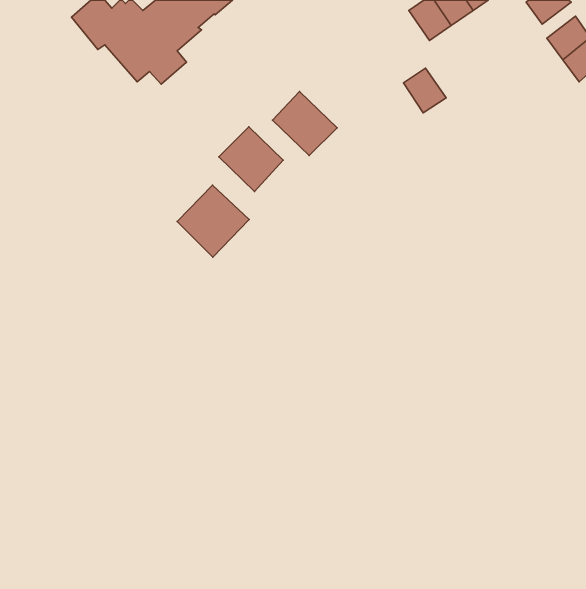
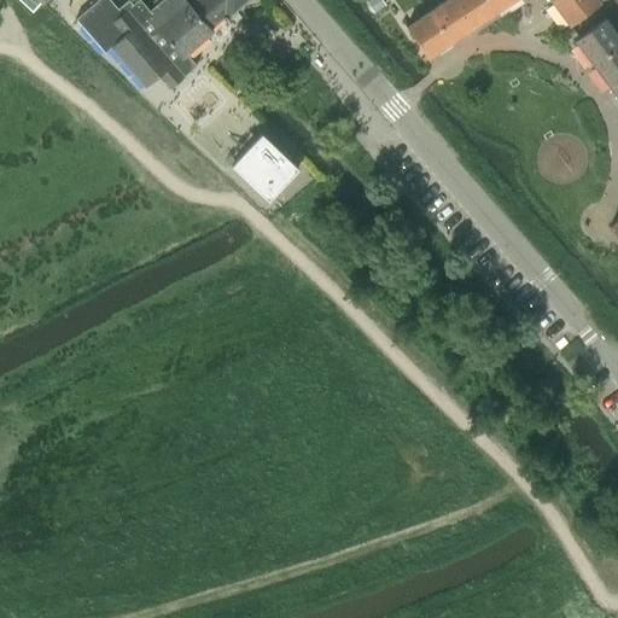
building: [404,68,446,113] -> [408,11,453,58]
building: [273,91,337,155] -> none
building: [177,185,249,257] -> none

